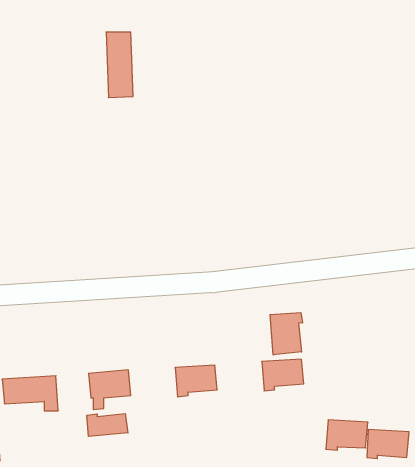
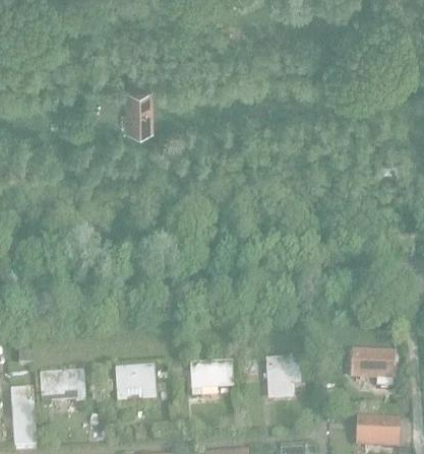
building: [270,313,302,355] -> none
building: [87,414,128,436] -> none
building: [326,420,368,450] -> [352,349,388,376]

